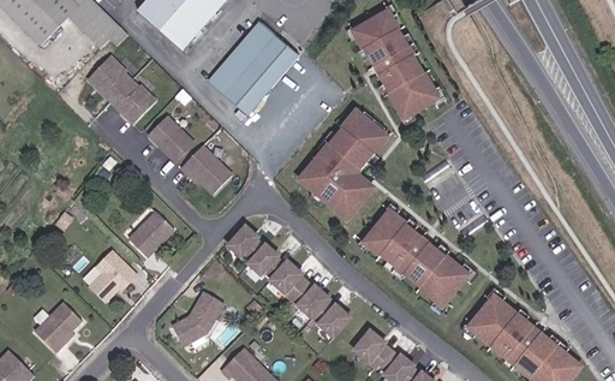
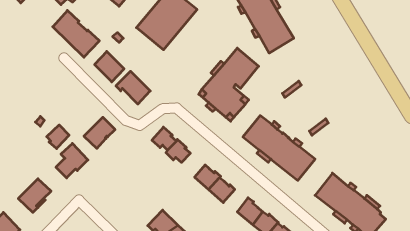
building: none -> [47,125,69,149]
building: [271,261,308,299] -> none
building: [172,293,223,349] -> none

